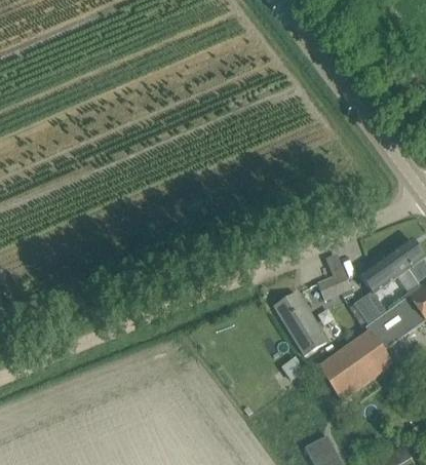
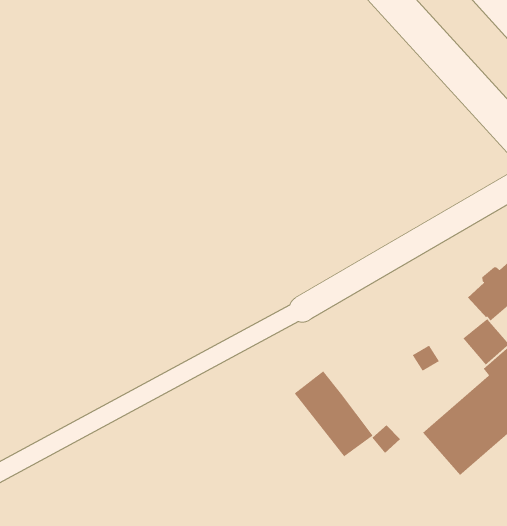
building: [317,271,353,299] -> none
building: [274,292,327,354] -> [294,370,374,457]

